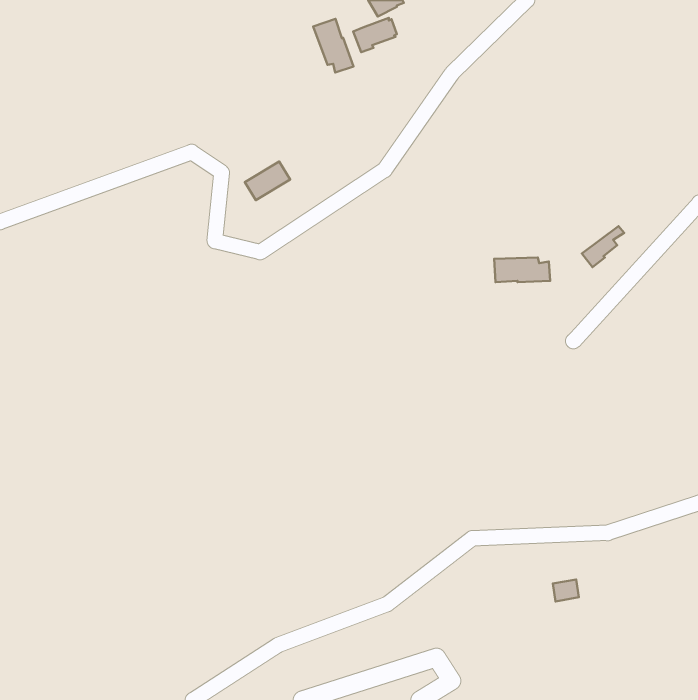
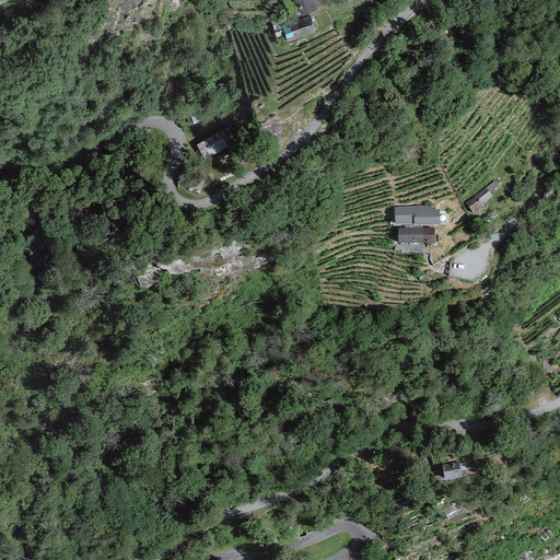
building: [313,19,353,73] -> none
building: none -> [398,228,435,243]

